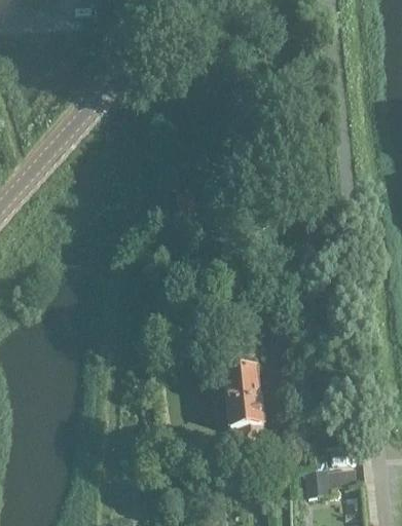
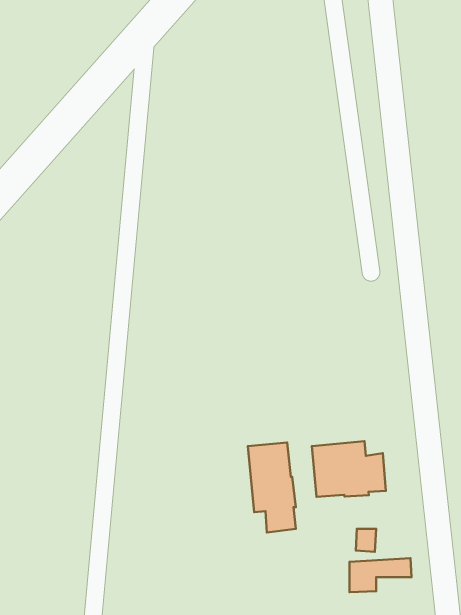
building: none -> [312,441,386,497]

